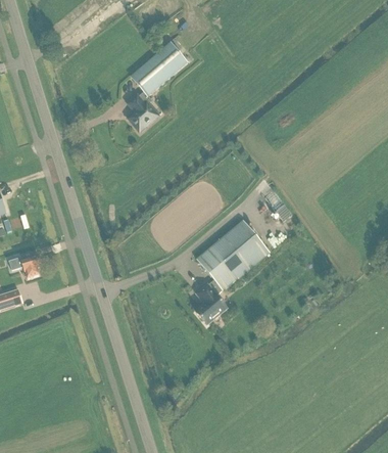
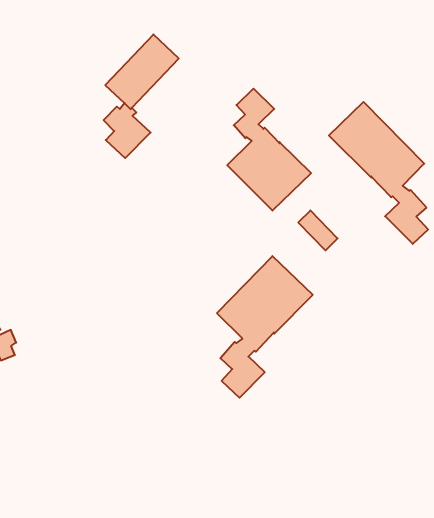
building: none -> [227,89,311,211]
building: none -> [329,102,428,244]

